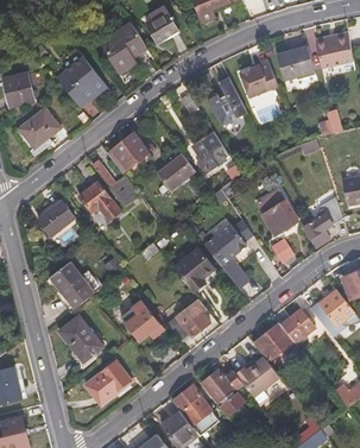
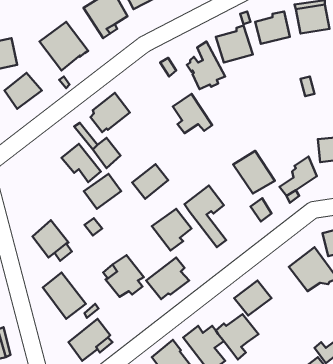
building: [157,152,194,188] -> [132,164,168,199]
building: [36,200,74,235] -> [84,174,121,209]
building: [280,308,315,341] -> none

